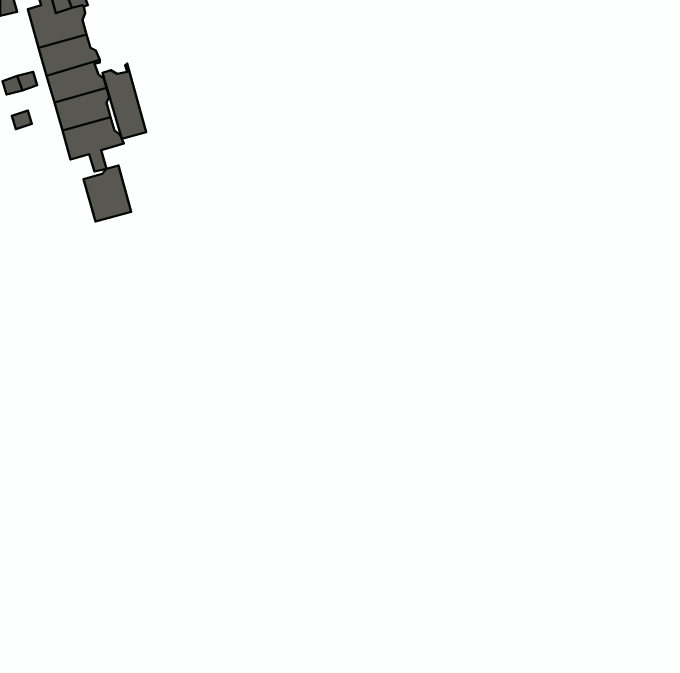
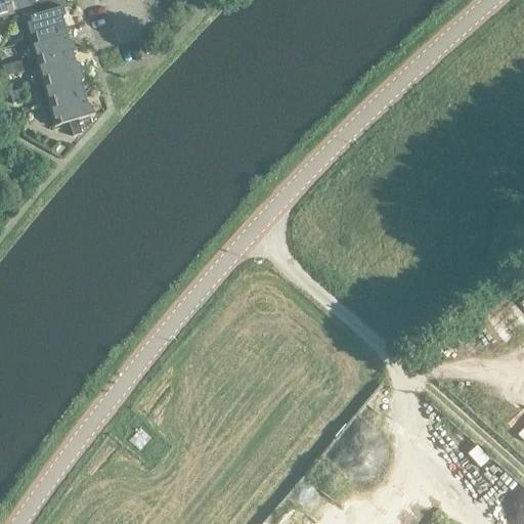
building: [102,64,146,139] -> none
building: [83,166,131,222] -> none

